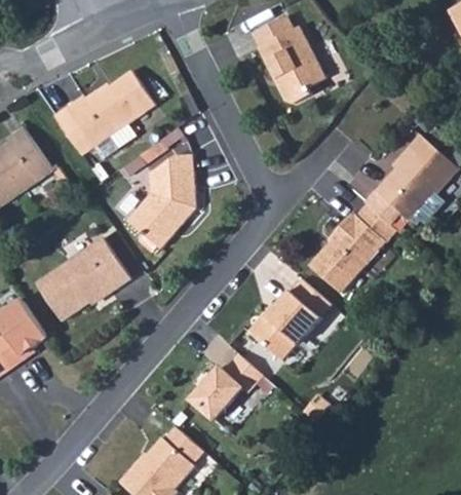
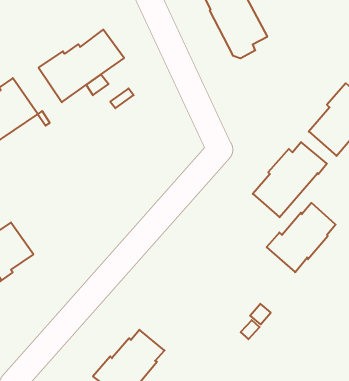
building: [127,154,195,249] -> none
building: [35,237,130,320] -> none
building: [247,278,330,360] -> [267,203,336,272]
building: [190,354,262,421] -> none

